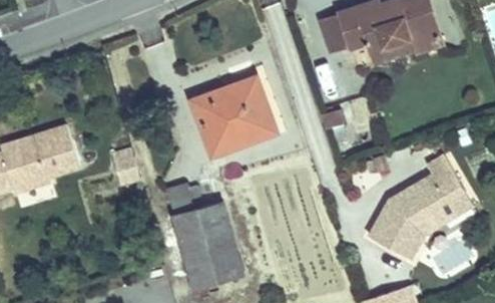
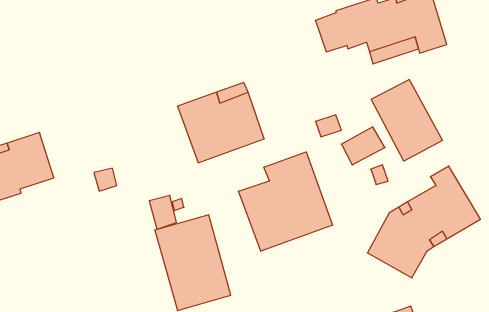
building: none -> [371,79,442,161]
building: none -> [238,152,332,251]

